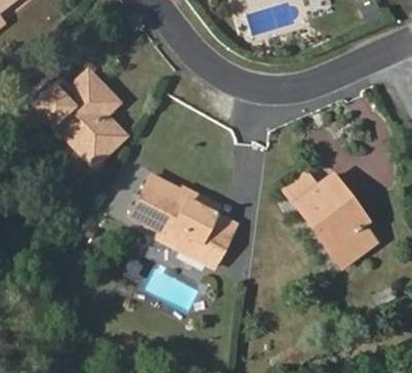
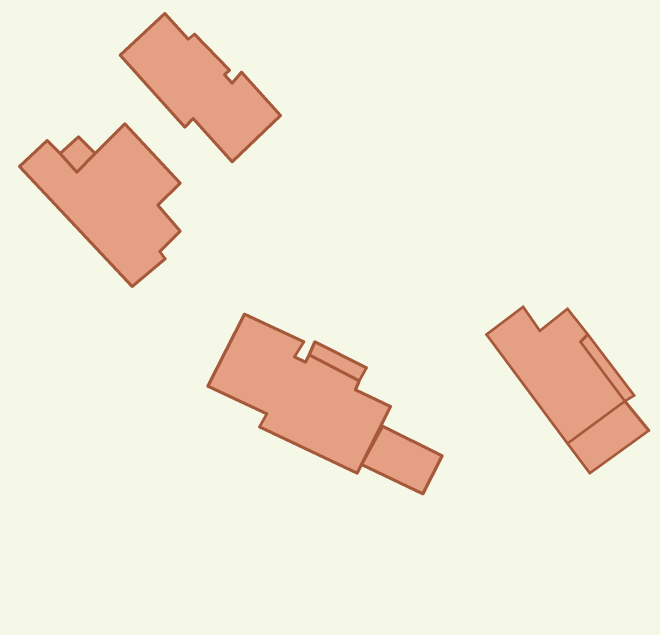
building: none -> [120,13,280,162]
building: none -> [361,426,442,494]

